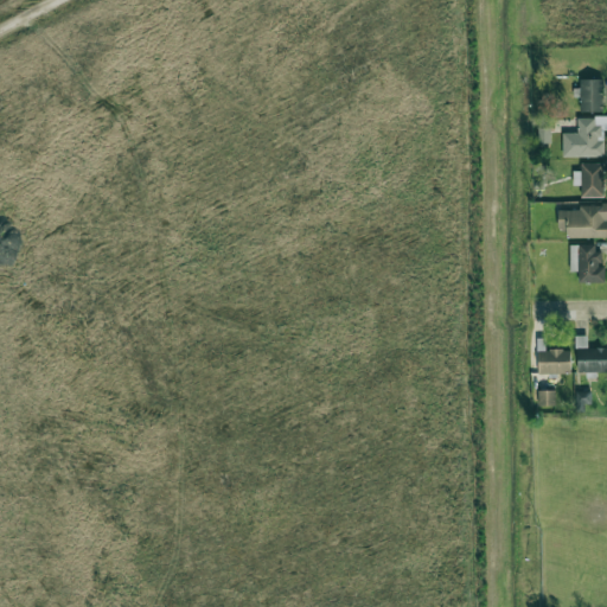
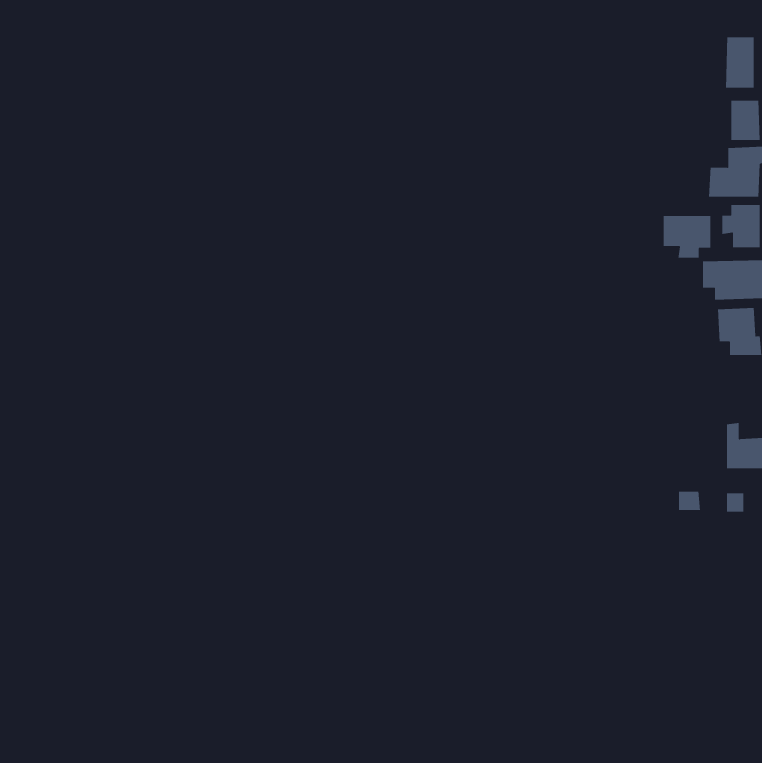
building: none -> [725,36,754,88]
building: none -> [663,215,711,259]
building: [539,350,573,375] -> none

